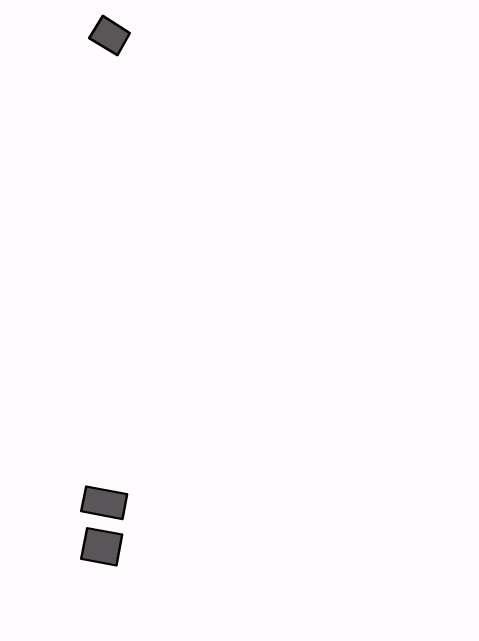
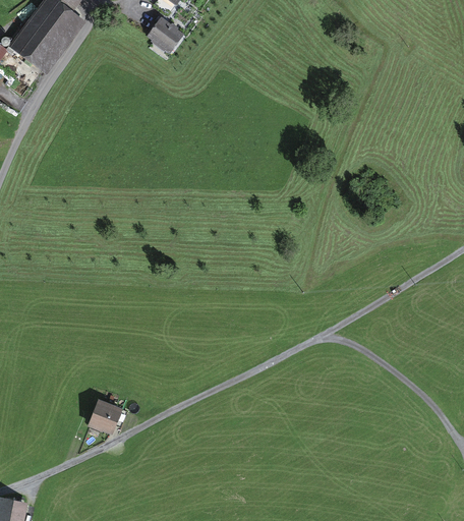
building: [81,486,127,519] -> none

